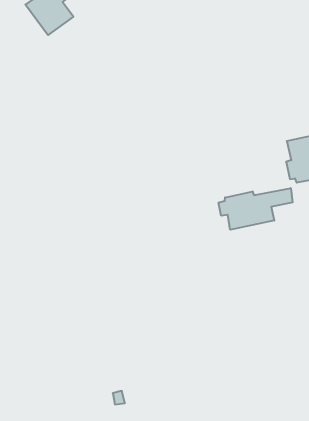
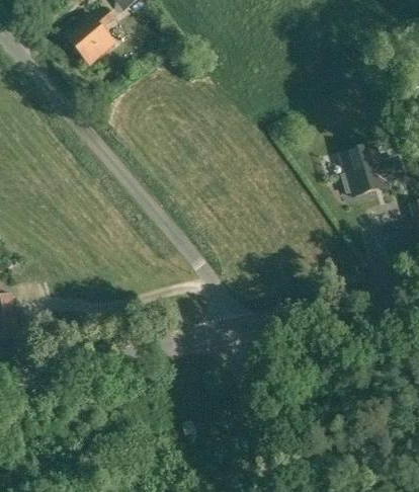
building: [219,188,293,230] -> none

